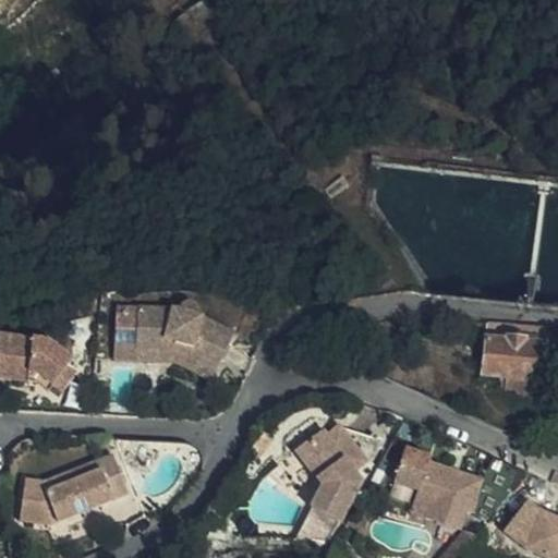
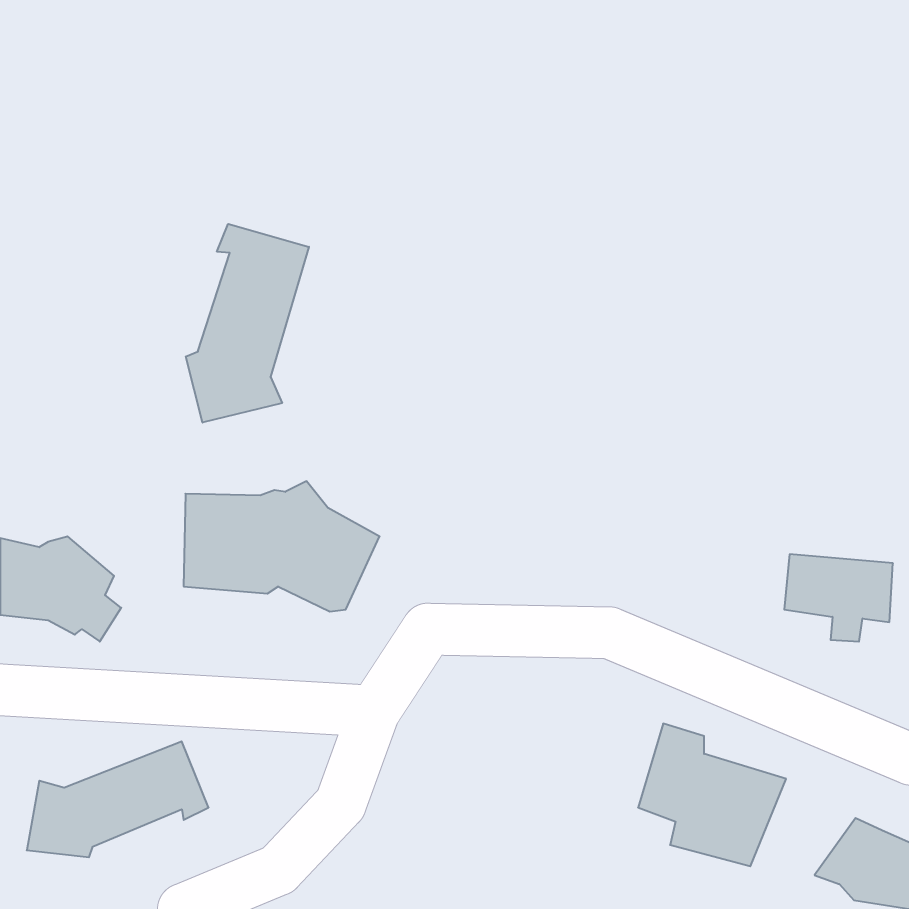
building: none -> [186,224,309,423]
building: [294,426,367,549] -> none

